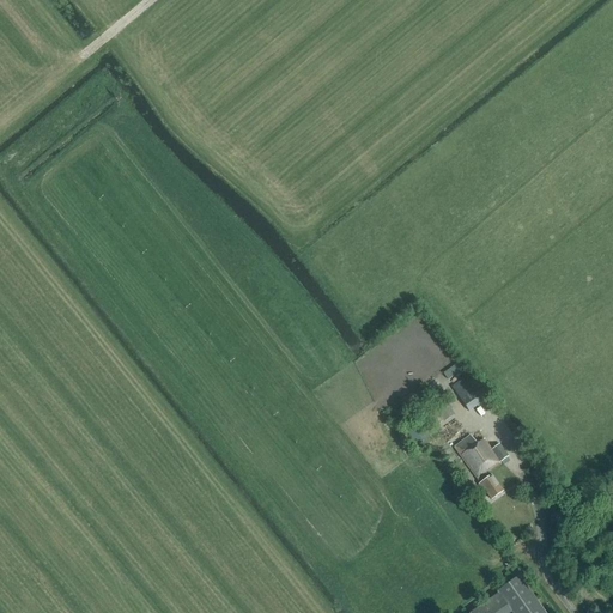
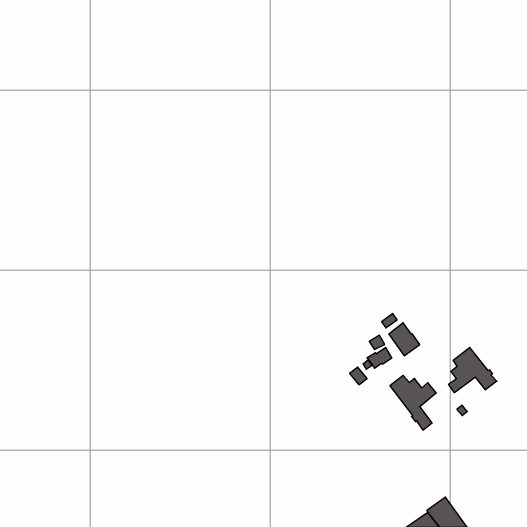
building: none -> [449,347,497,393]

